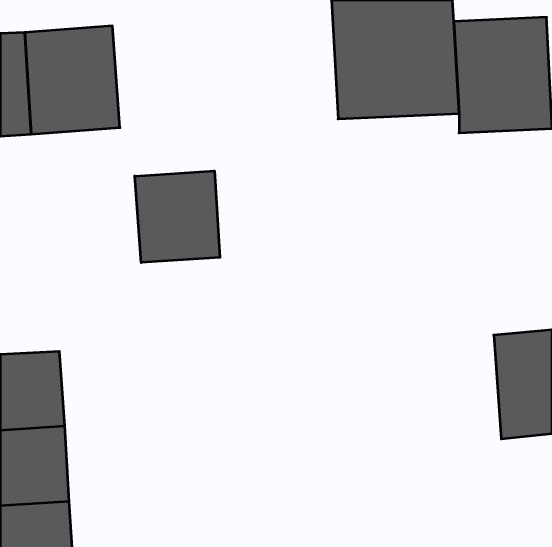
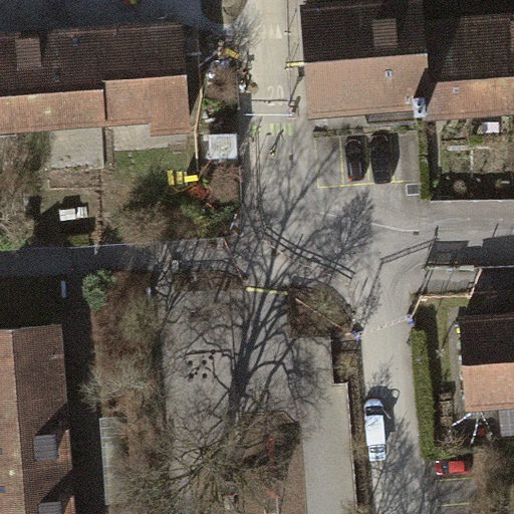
building: none -> [104,24,194,136]
building: [135,171,220,263] -> none

